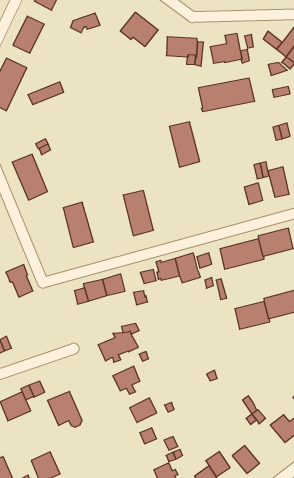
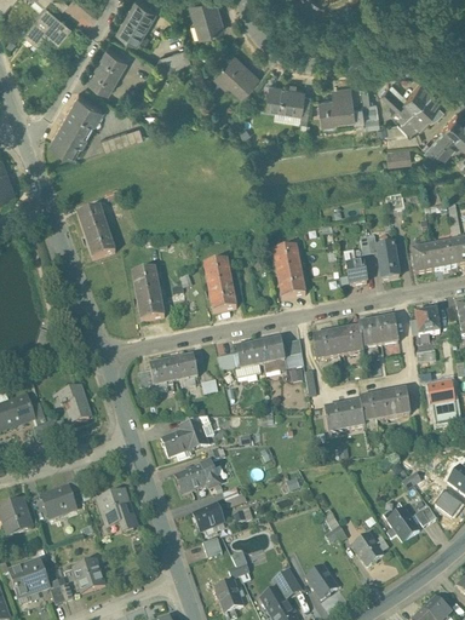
building: [199,78,254,112] -> none
building: [169,122,200,167] -> [272,246,305,298]
building: [6,265,33,297] -> [58,384,88,421]

